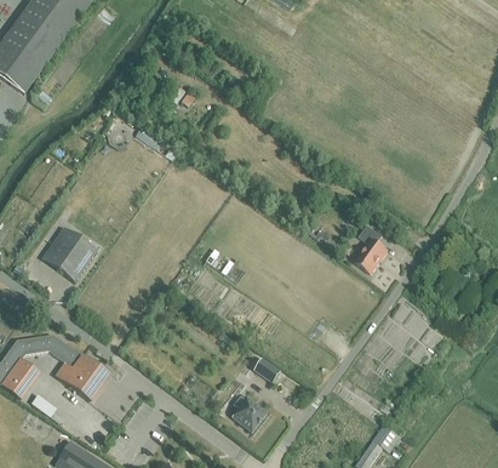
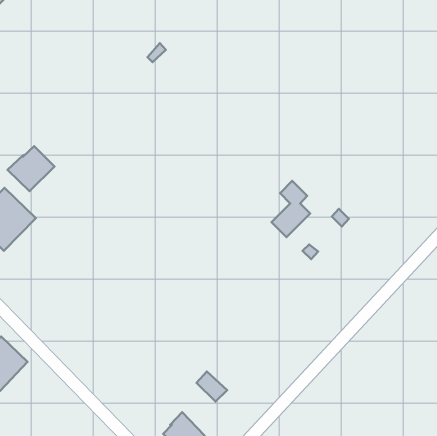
building: none -> [8,146,55,191]
building: [354,224,385,273] -> [272,181,310,237]

